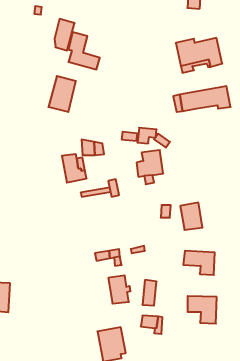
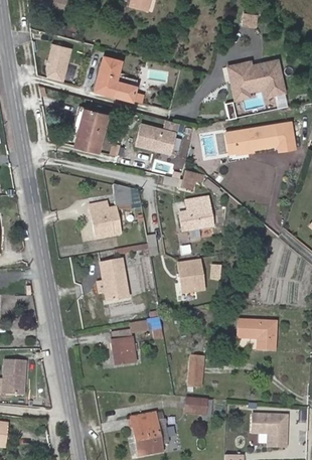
building: [55,19,75,51] -> [46,43,70,82]
building: none -> [136,123,178,156]
building: none -> [101,260,129,301]
building: [180,203,203,230] -> [178,260,205,293]
building: [108,275,131,304] -> [110,330,137,364]
building: [188,296,217,324] -> [252,414,287,447]

